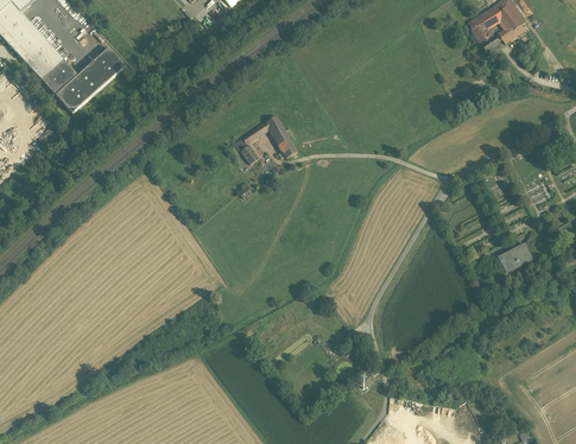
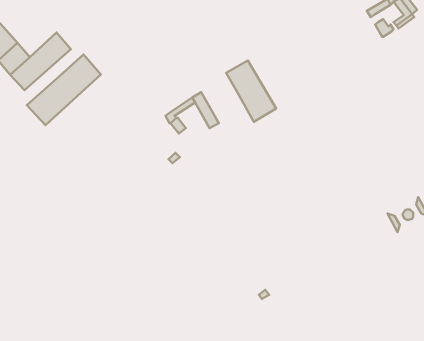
building: none -> [27,54,101,125]
building: none -> [226,61,276,122]

